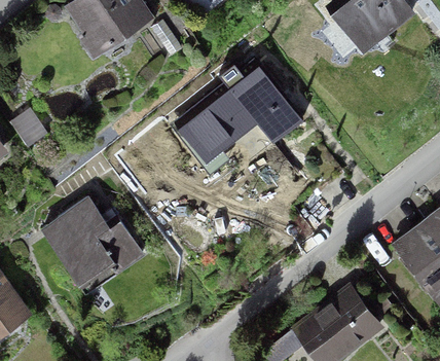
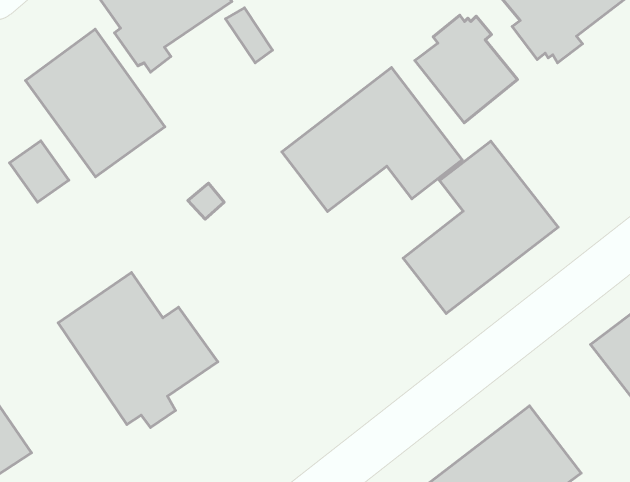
building: none -> [415,15,518,123]
building: none -> [25,29,165,177]
building: none -> [403,141,558,313]

